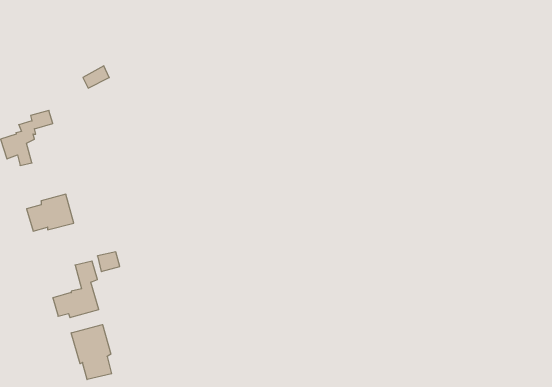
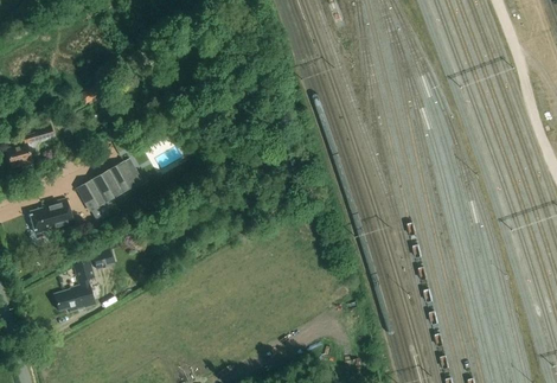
building: none -> [76,160,139,212]
building: [71,325,112,380] -> none

